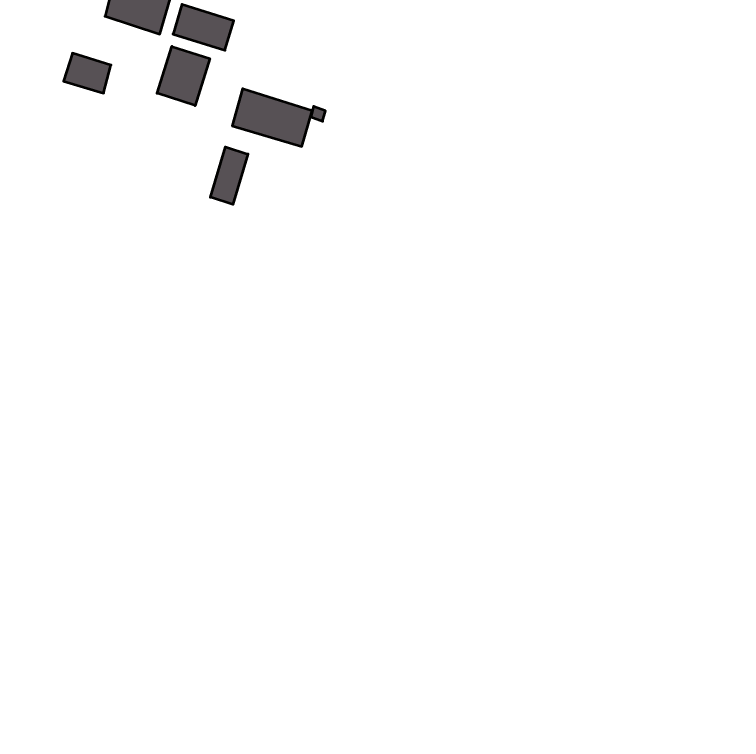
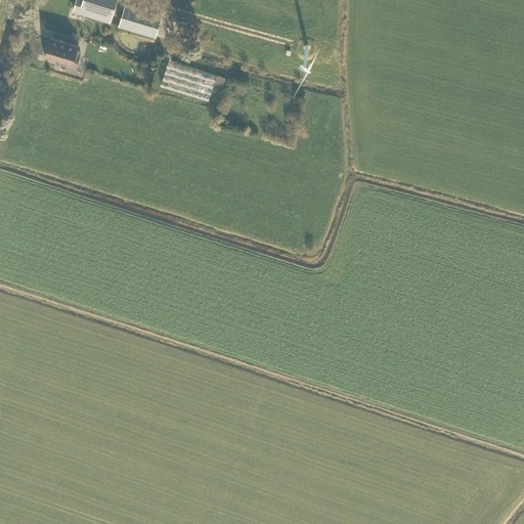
building: [157,46,210,106] -> none
building: [210,147,248,204] -> none

